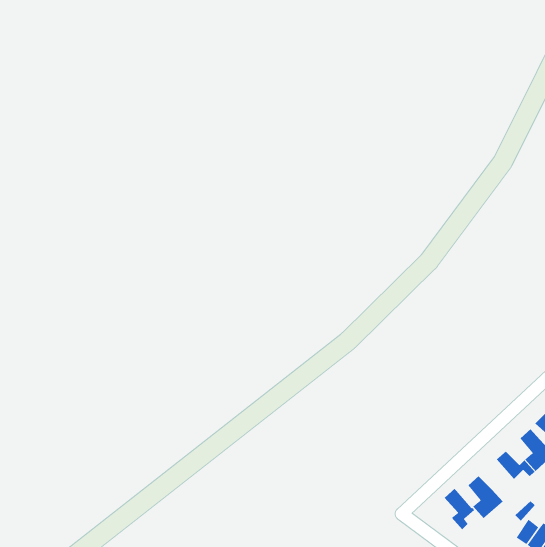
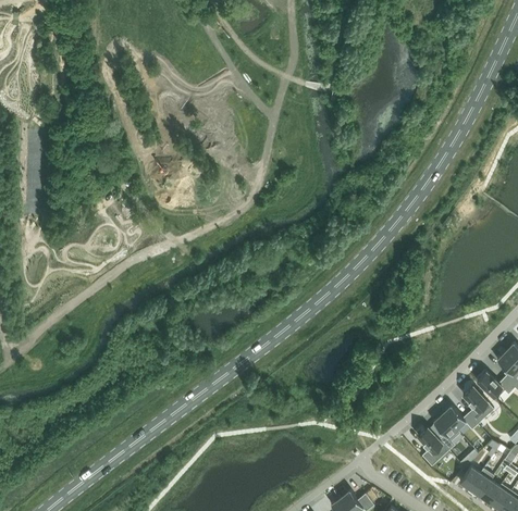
building: [444,488,475,530] -> [432,413,459,450]

